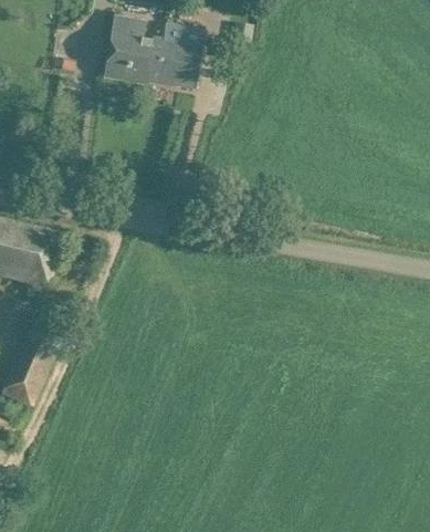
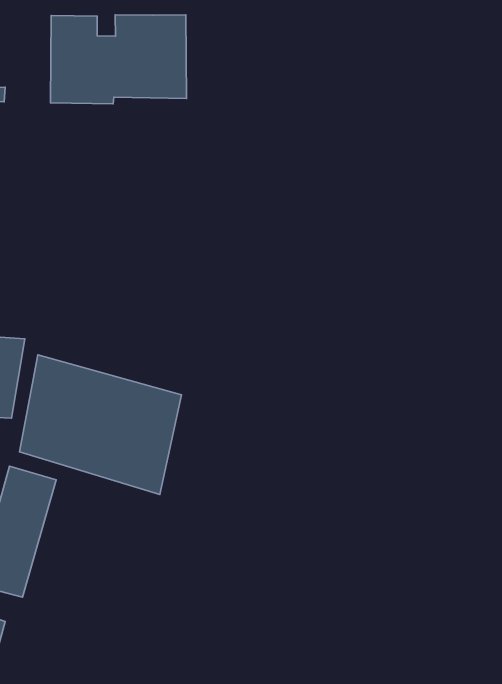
building: none -> [19,355,182,495]

